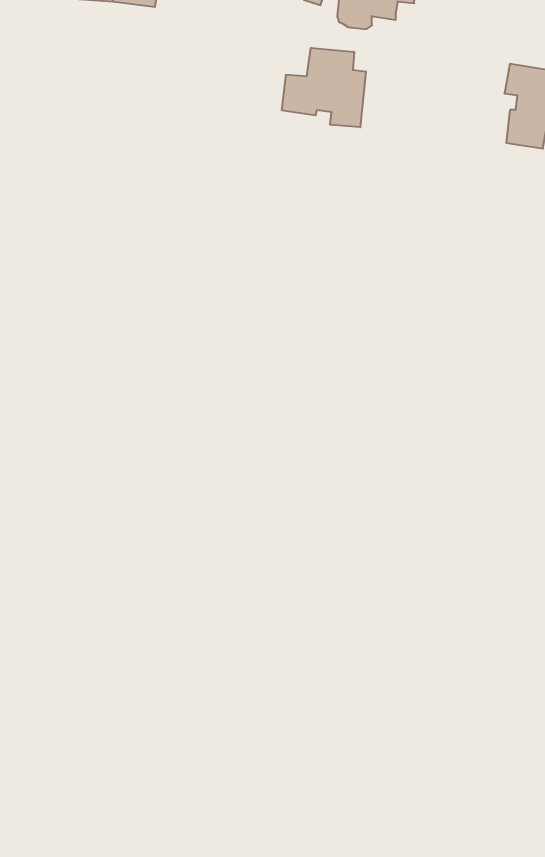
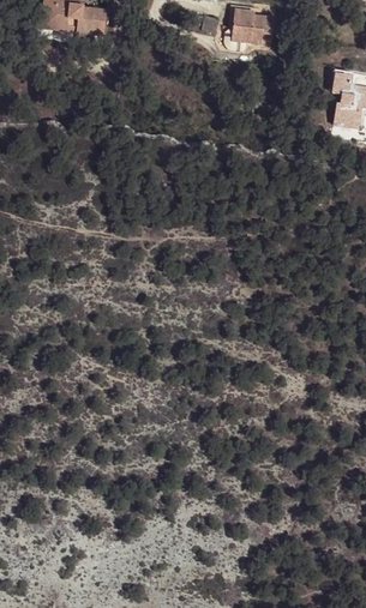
building: [282,48,366,127] -> none

